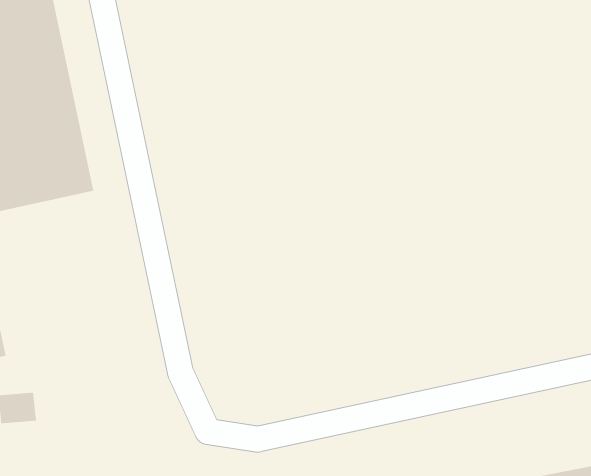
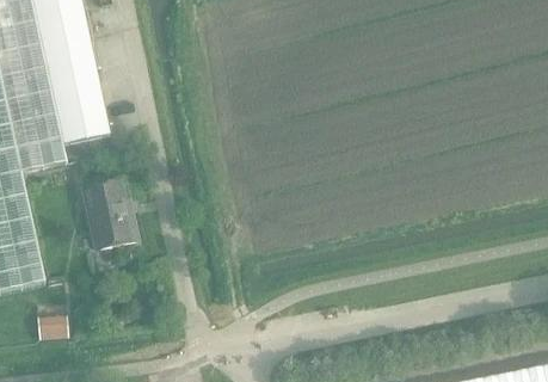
building: none -> [82,178,136,247]

